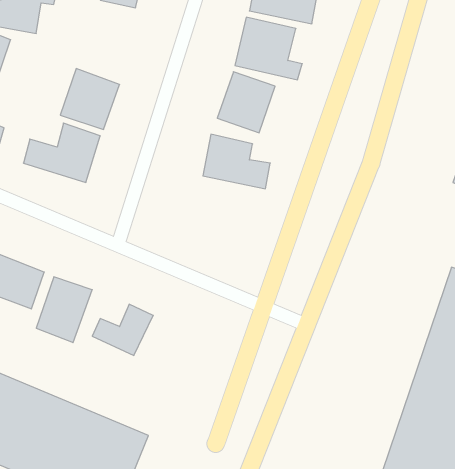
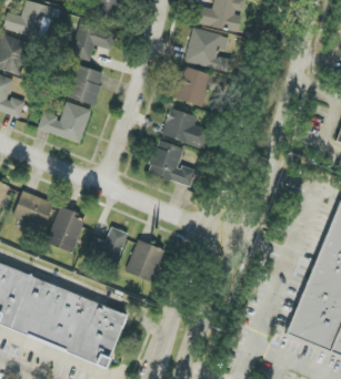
building: none -> [70,22,117,61]
building: none -> [147,140,195,186]
building: none -> [124,239,163,281]

